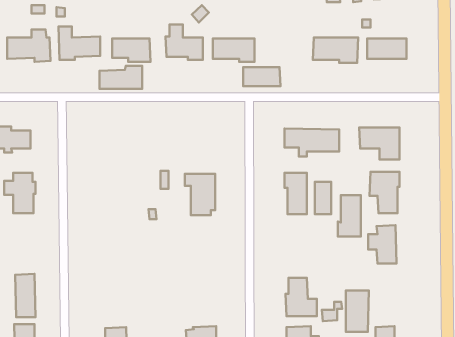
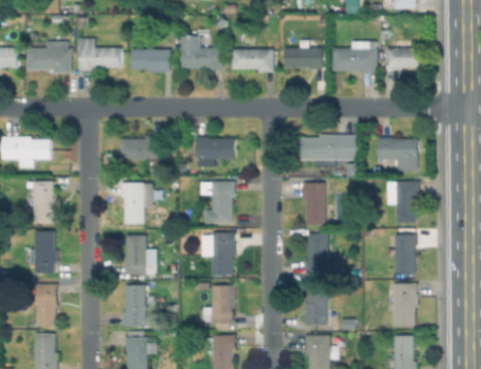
building: [100,66,142,89] -> [119,134,162,157]
building: [243,67,281,86] -> [285,48,322,67]
building: none -> [197,136,235,158]
building: none -> [119,182,152,223]
building: [338,195,361,237] -> [304,234,327,275]
building: none -> [33,231,56,273]
building: none -> [200,232,235,275]
building: none -> [126,238,157,275]
building: none -> [203,280,231,324]
building: none -> [122,285,146,326]
building: [346,290,369,332] -> [395,285,418,326]

